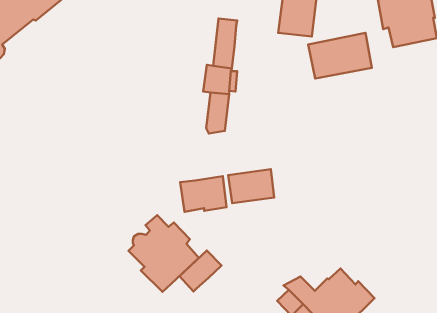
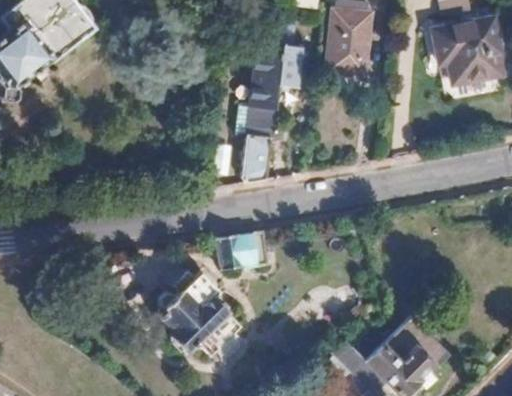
building: none -> [277,42,301,85]
building: [308,33,372,78] -> none
building: [228,169,274,203] -> none
building: [179,251,221,291] -> none

